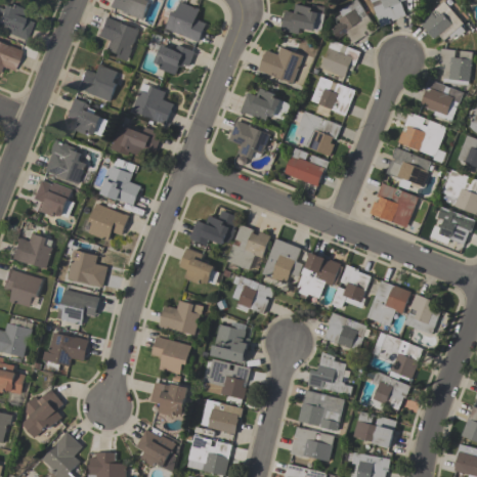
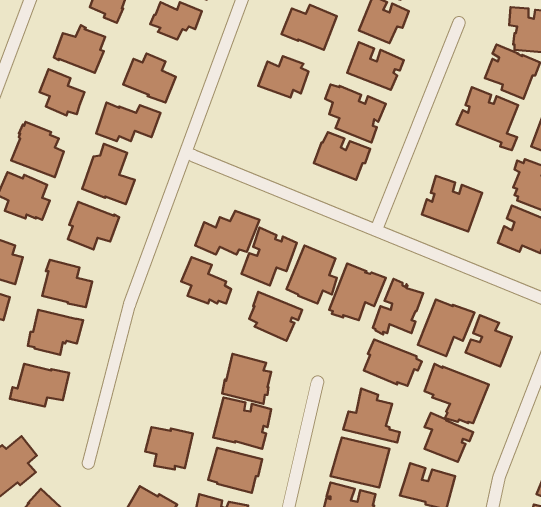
building: [228,121,270,159] -> none
building: [386,147,431,189] -> none
building: [159,301,203,336] -> none
building: [150,336,191,375] -> none

